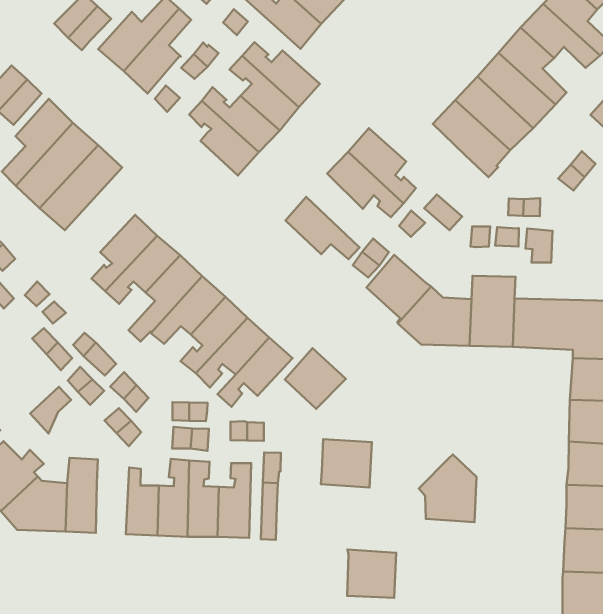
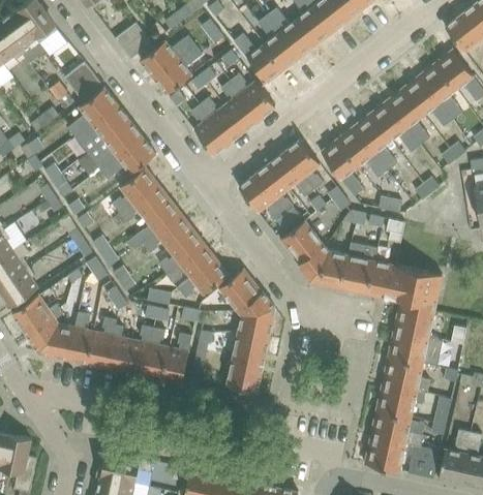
building: none -> [325,144,362,194]
building: none -> [100,137,156,180]
building: none -> [254,163,292,213]
building: [419,455,477,522] -> [238,291,275,336]
building: none -> [87,318,116,367]
building: [347,550,396,598] -> [228,357,263,392]

